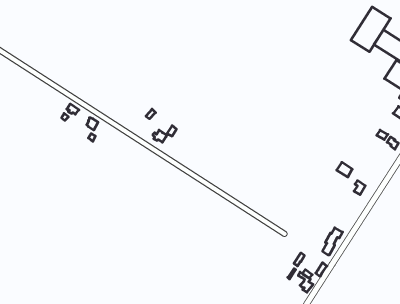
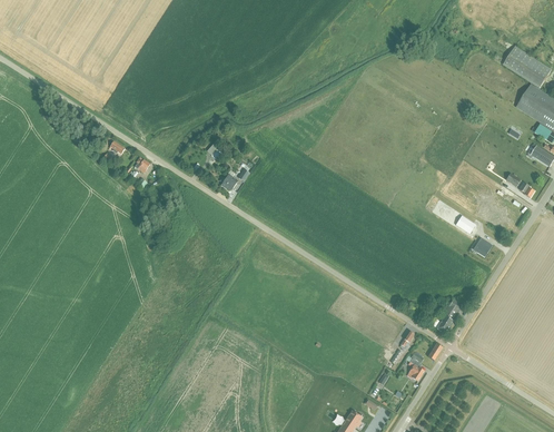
building: [351,7,391,52] -> none

